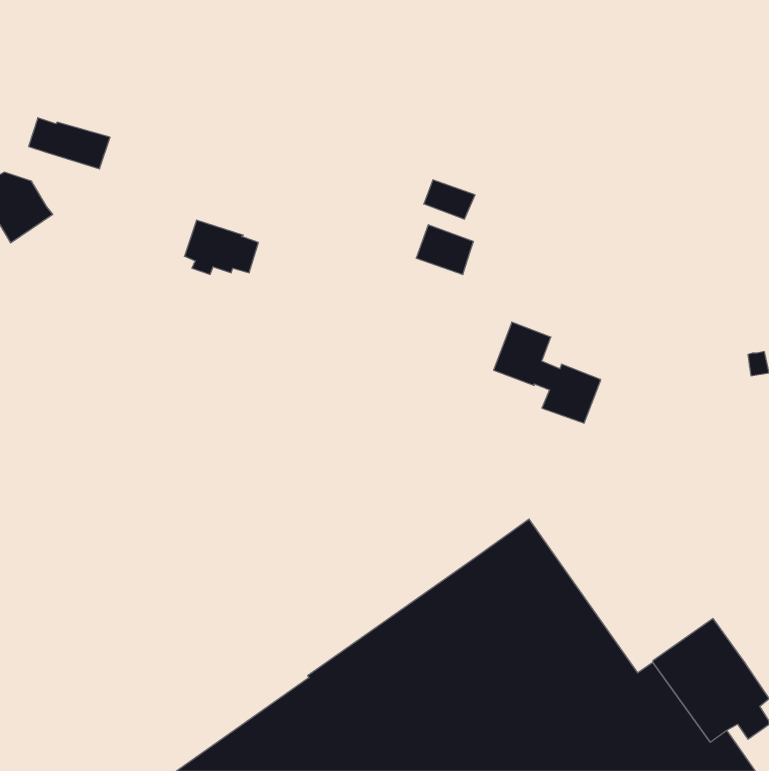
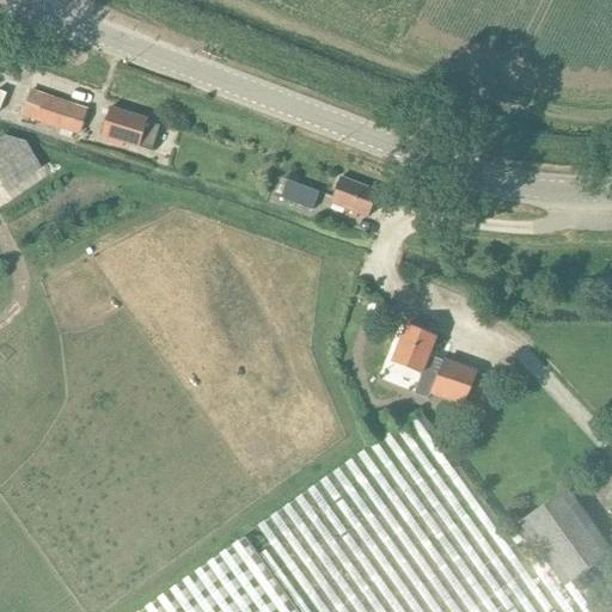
building: [424,180,475,219] -> [279,180,319,212]
building: [184,220,258,274] -> [100,108,159,151]
building: [494,322,601,423] -> [390,326,475,406]

